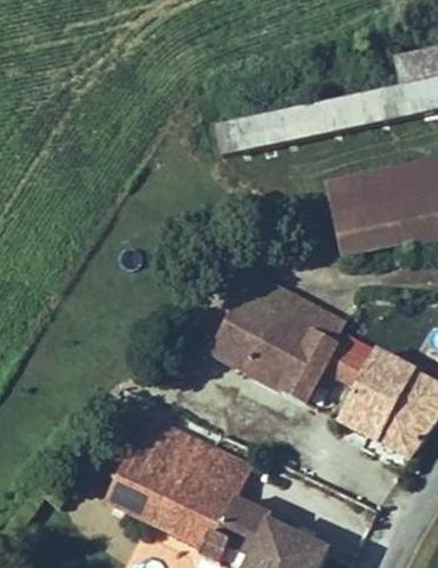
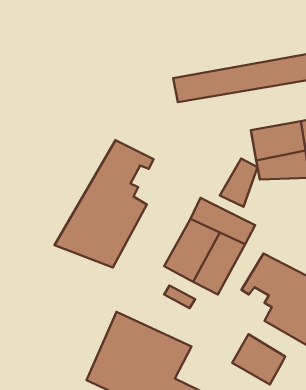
building: none -> [54,140,153,268]
building: none -> [220,158,258,207]
building: none -> [232,334,285,384]

